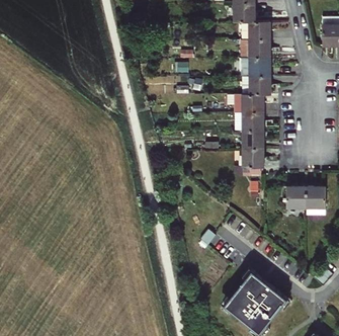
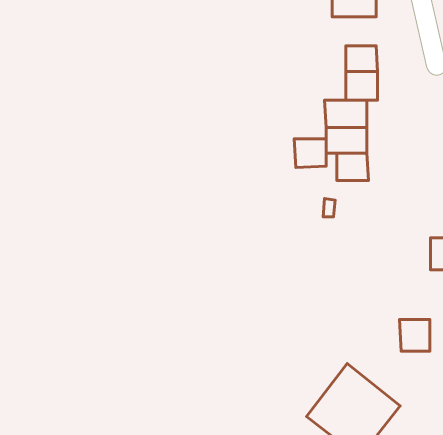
building: [249,38,270,58] -> none
building: [244,148,265,167] -> [294,139,326,168]
building: [286,186,307,207] -> [400,319,430,351]

